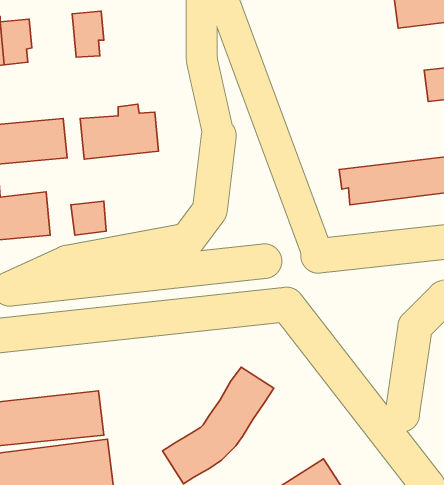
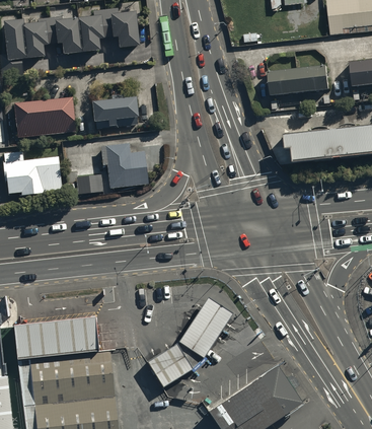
building: none -> [110,14,139,50]
building: none -> [54,21,81,56]
building: none -> [267,66,330,99]
building: none -> [102,141,149,186]

